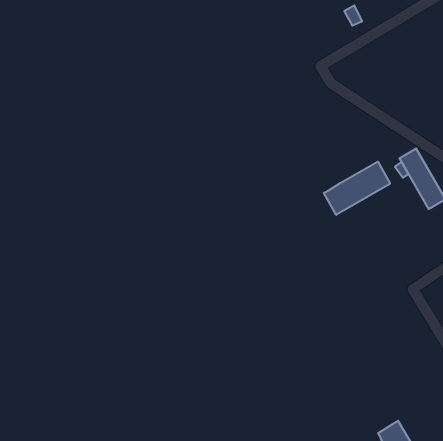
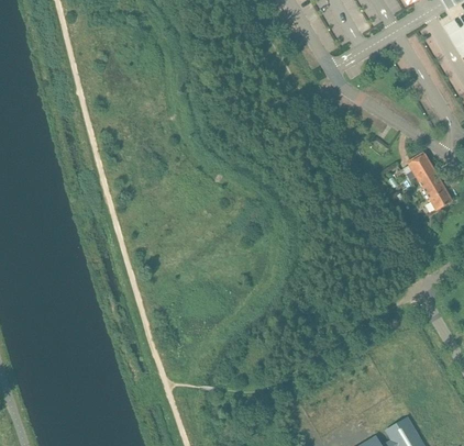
building: [324,162,390,215] -> none

